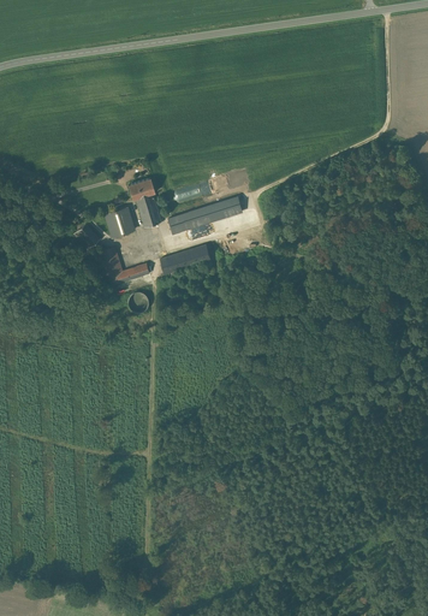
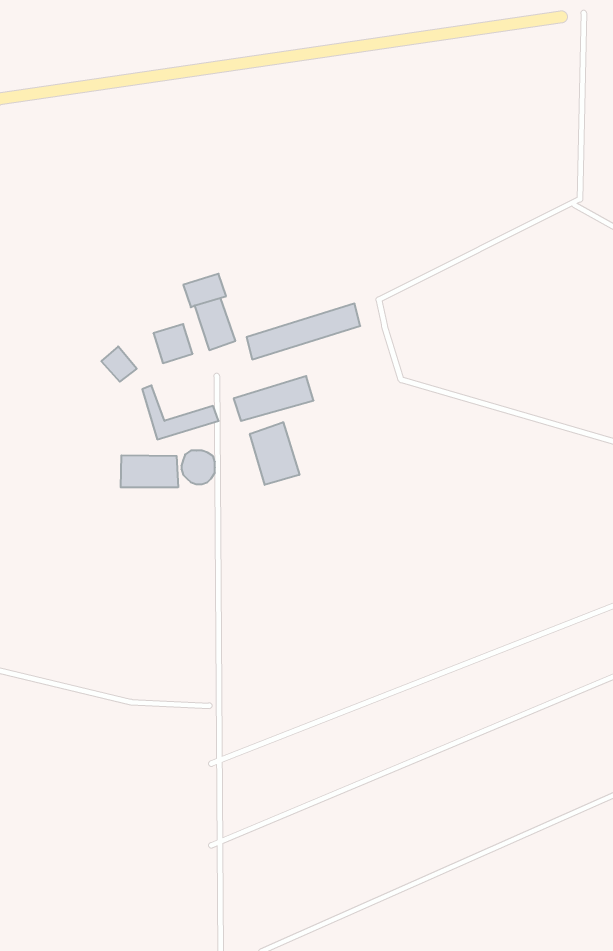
building: none -> [250,422,299,485]
building: none -> [121,455,178,487]

